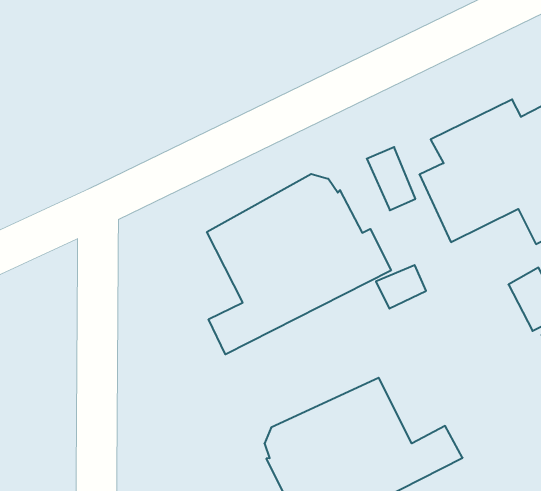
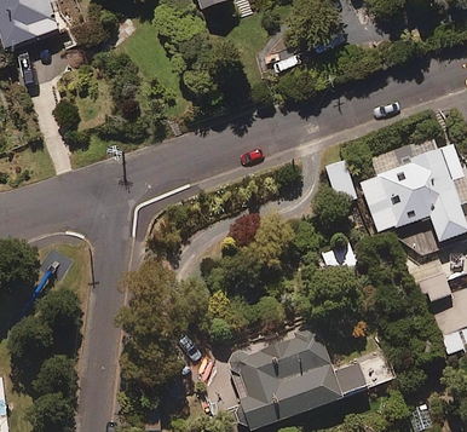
building: [207,174,391,354] -> none

